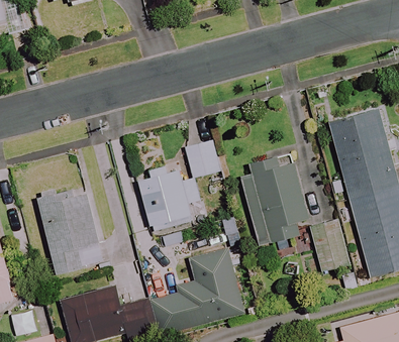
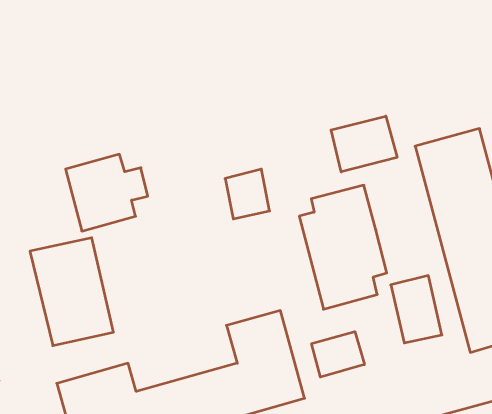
building: none -> [331,116,397,172]
building: [137,168,199,226] -> [66,154,148,231]
building: none -> [312,332,364,377]

